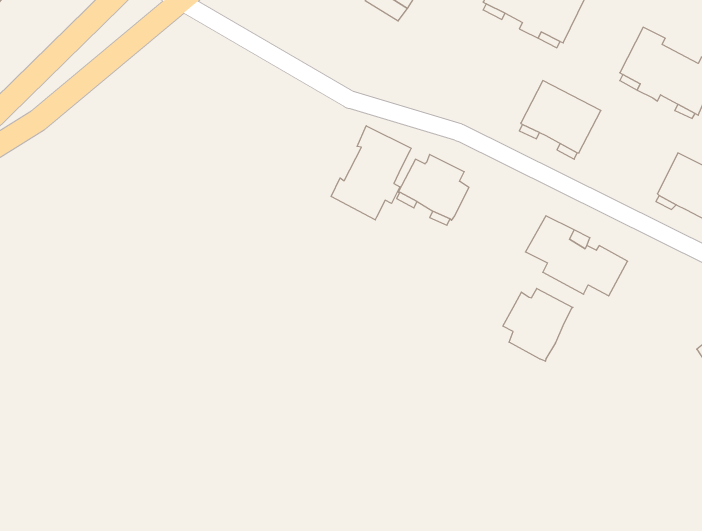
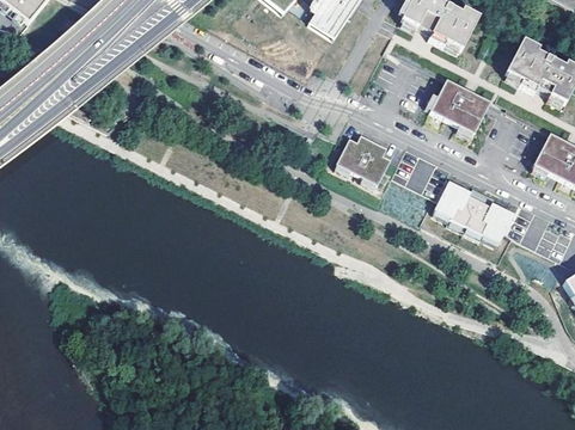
building: [331,126,411,220] -> none
building: [503,288,573,361] -> none

